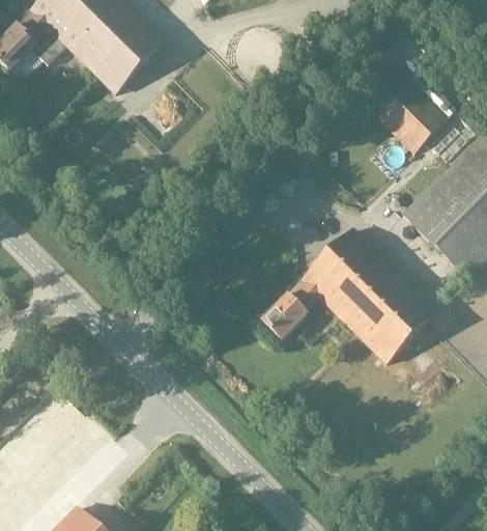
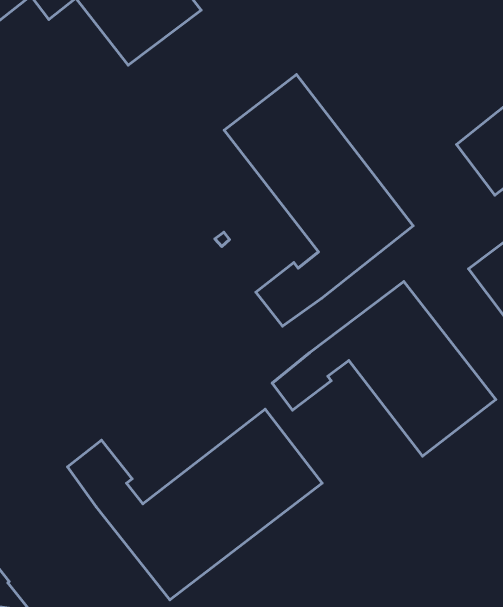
building: none -> [224,74,413,326]
building: none -> [68,409,322,600]

